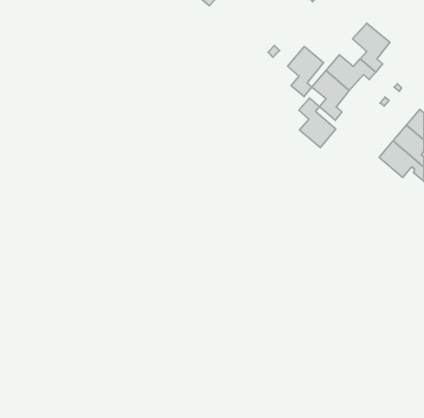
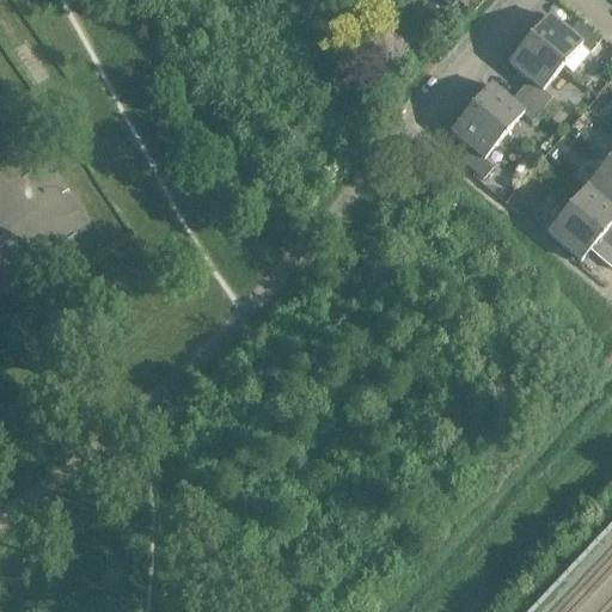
building: none -> [528,10,600,61]
building: [288,47,324,97] -> none
building: [299,98,336,148] -> none

